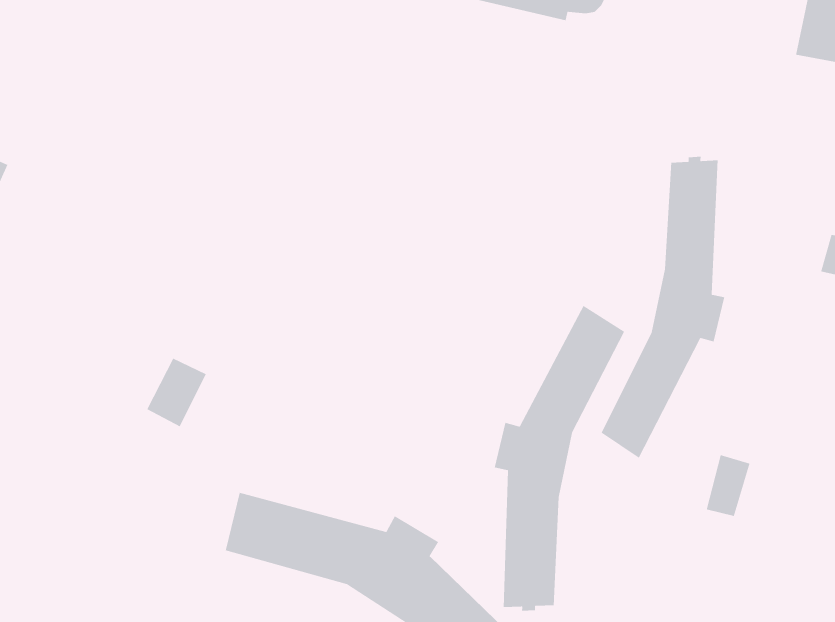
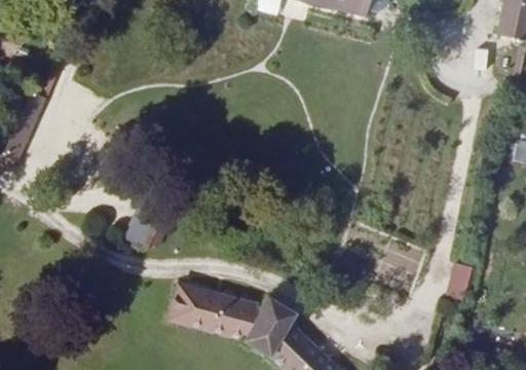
building: [601,156,725,459] -> none
building: [494,305,625,612] -> none

